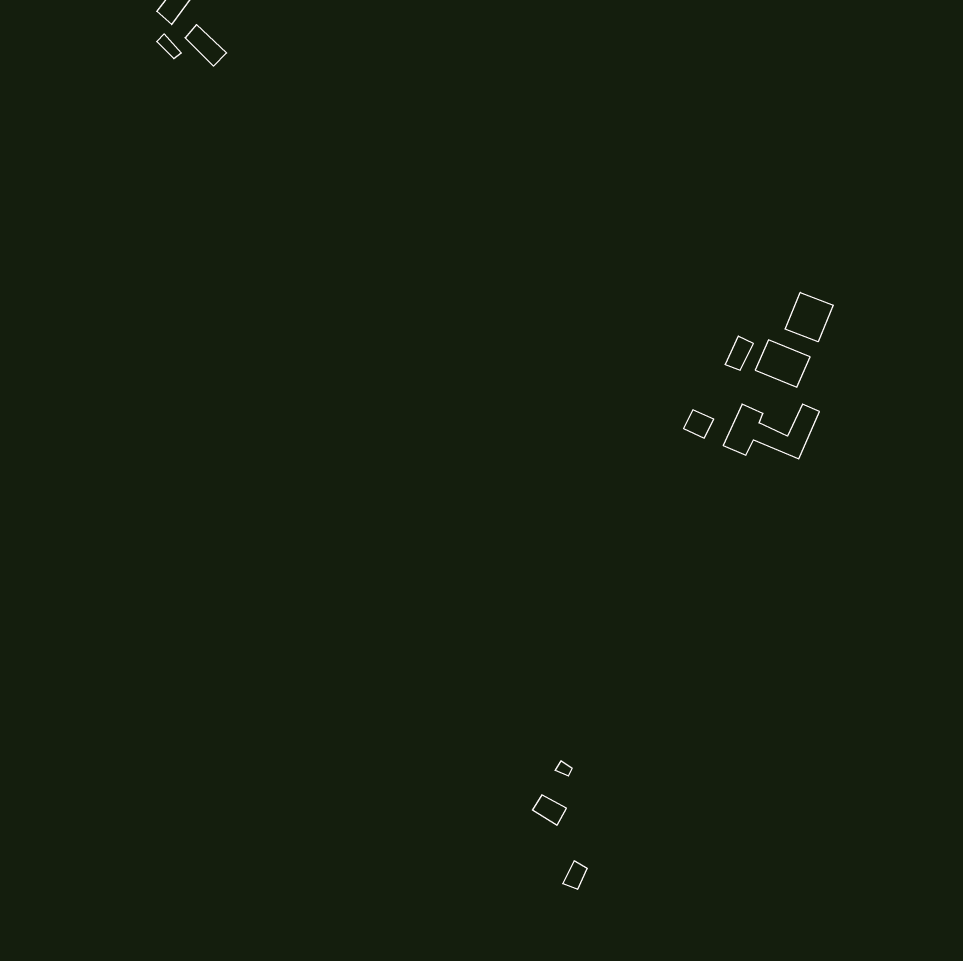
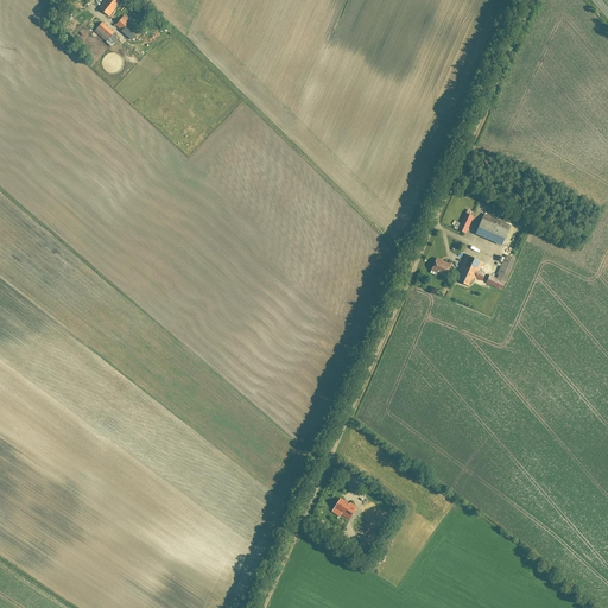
building: [785,292,833,342] -> none

